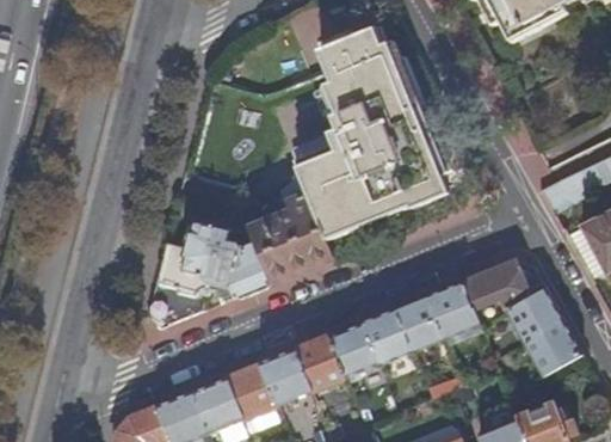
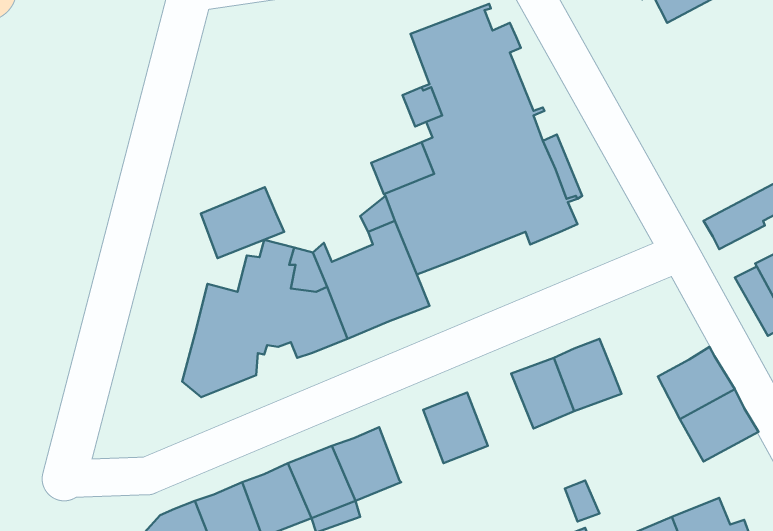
building: none -> [201,187,284,258]
building: [463,259,531,309] -> none
building: [363,307,413,362] -> none
building: [296,334,345,388] -> none

